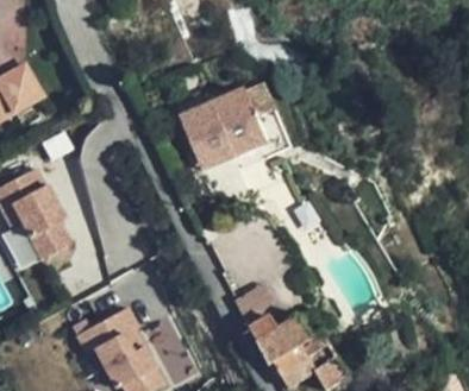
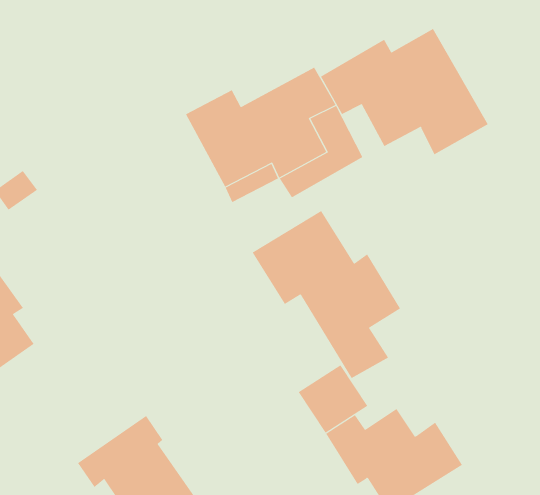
building: none -> [320,28,489,155]
building: none -> [252,210,401,379]

